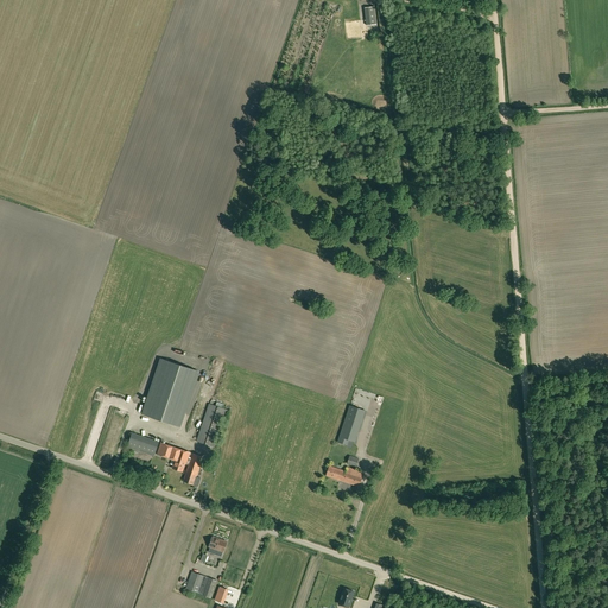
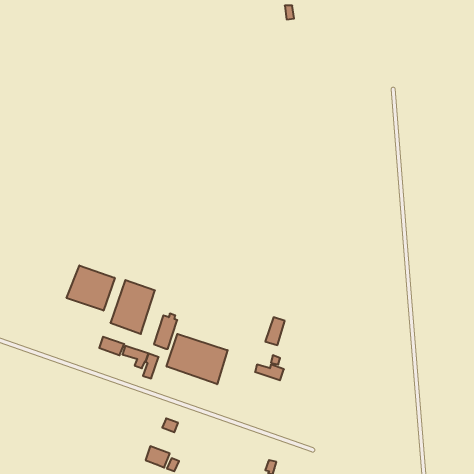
building: none -> [67,265,115,311]
building: none -> [167,334,228,384]

